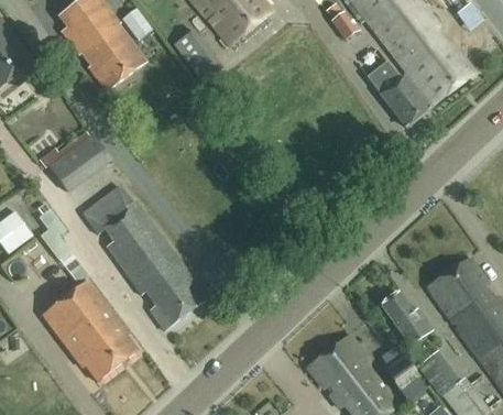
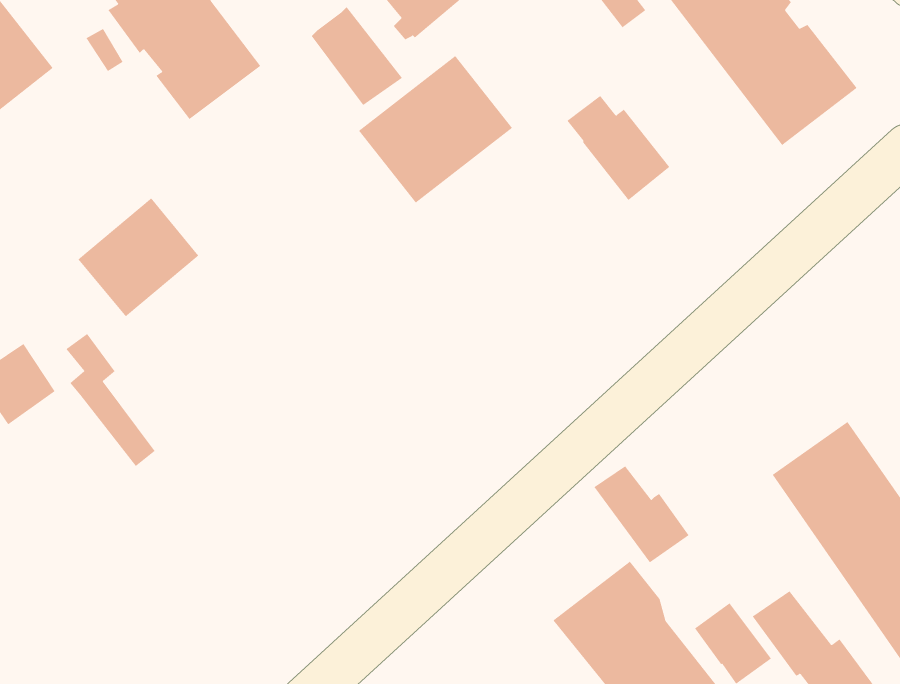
building: none -> [358,55,513,204]
building: [372,67,429,125] -> [566,95,670,201]
building: [81,185,208,329] -> none
building: [42,279,136,380] -> none
building: [380,291,433,345] -> [594,465,689,563]

